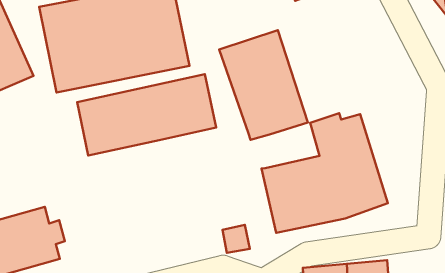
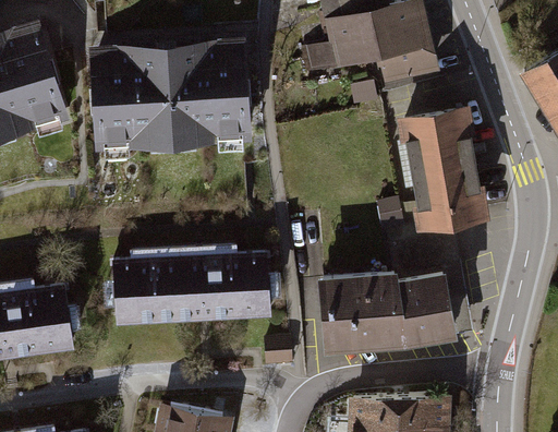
building: [219,30,308,140] -> [395,105,485,227]
building: [77,74,216,156] -> [114,252,270,327]

